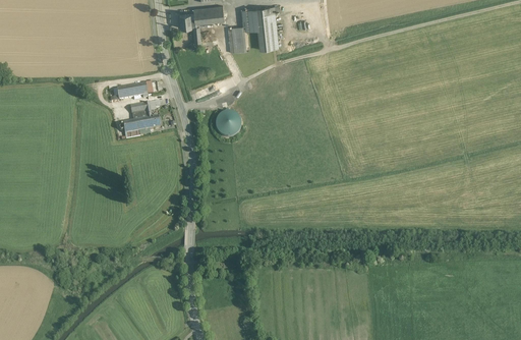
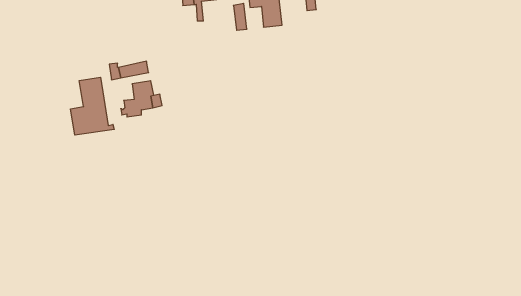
building: none -> [71,77,114,135]
building: [215,111,240,136] -> none

